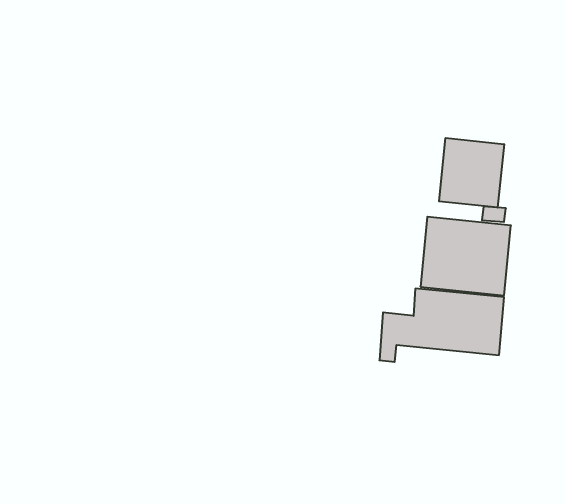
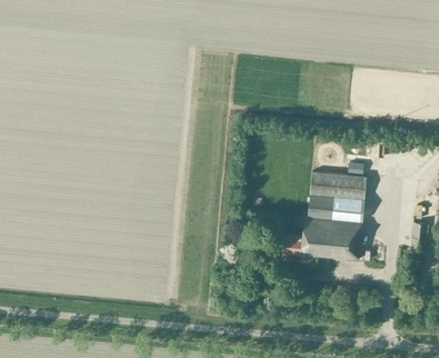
building: [439,138,504,208] -> none

